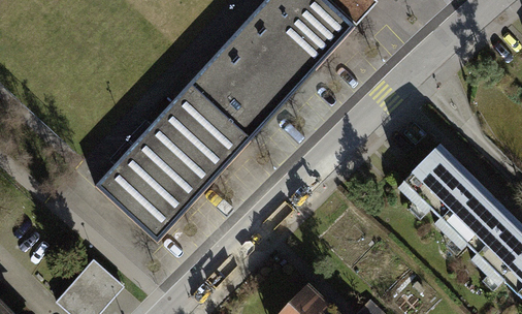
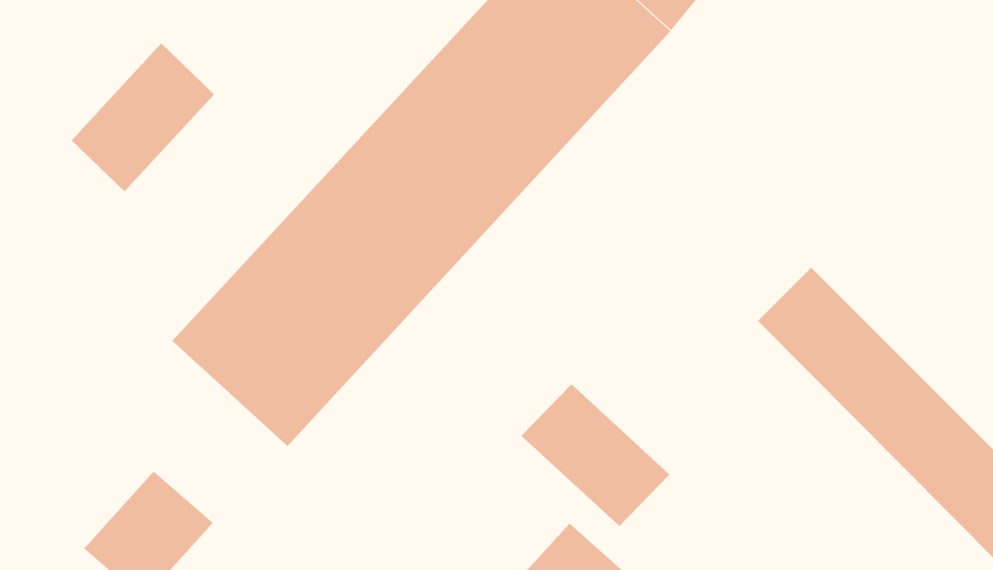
building: none -> [71,43,215,192]
building: none -> [521,384,670,527]

